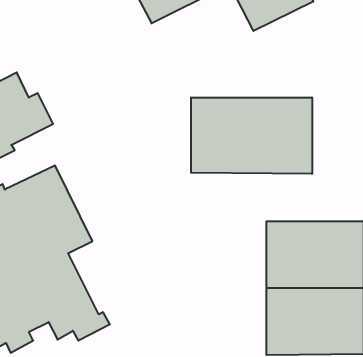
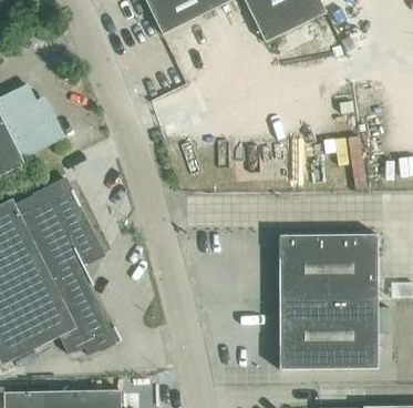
building: [191,97,312,174] -> none

